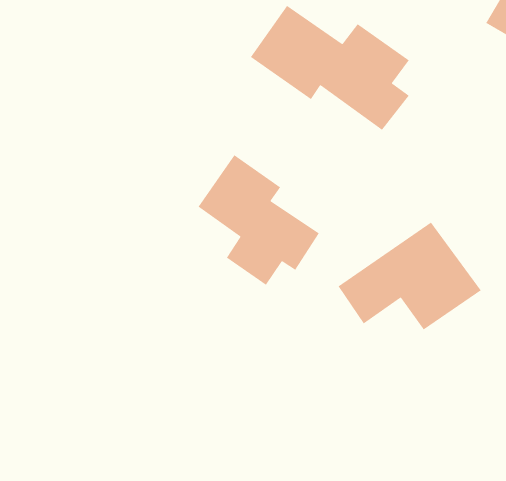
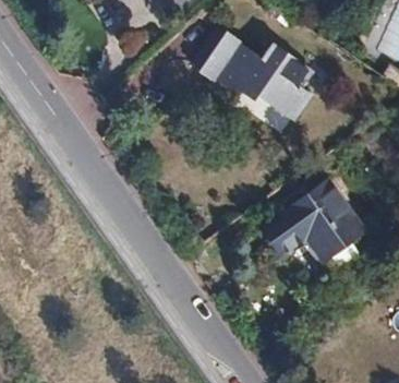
building: [197,154,320,286] -> none

